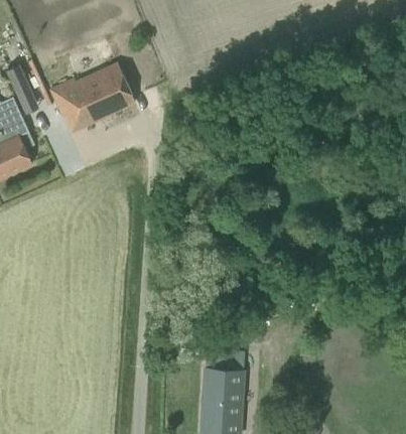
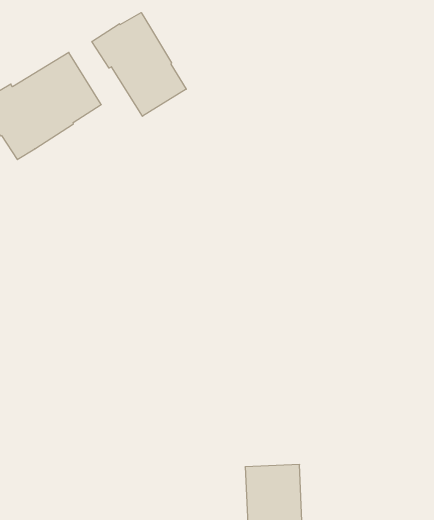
building: none -> [92,13,186,116]

